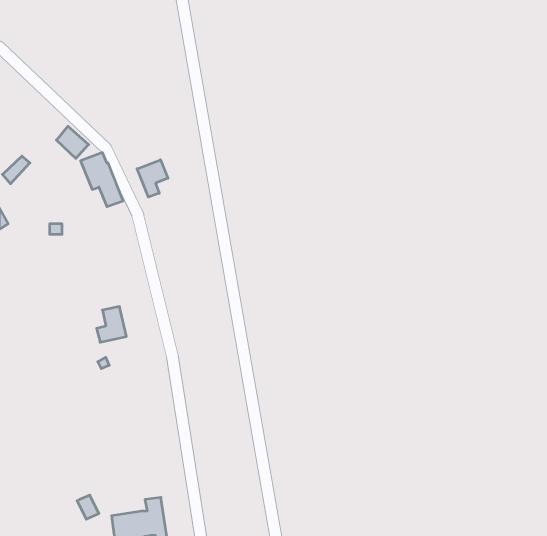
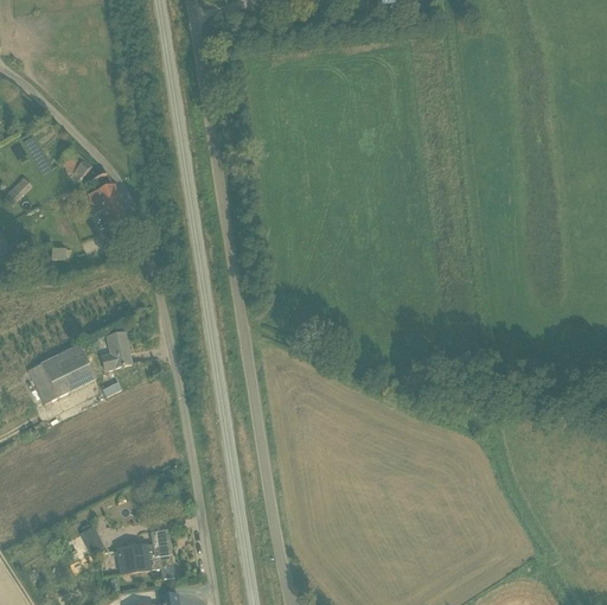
building: [137,160,168,197] -> none
building: none -> [27,343,96,402]

